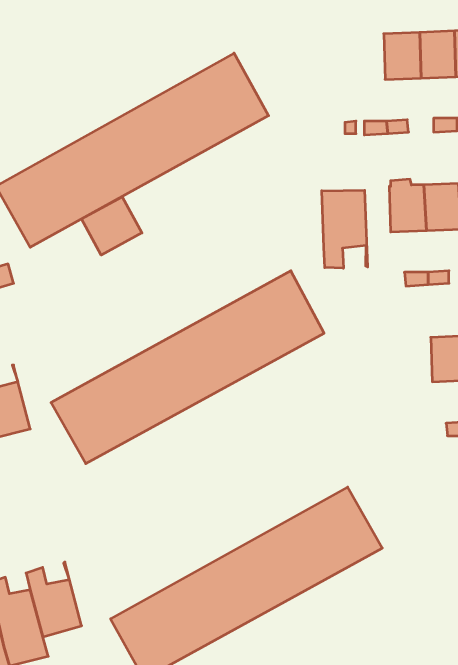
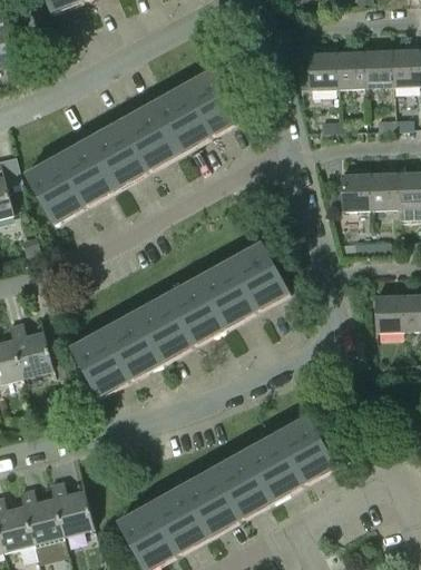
building: none -> [307,52,337,90]
building: [322,190,368,268] -> none
building: [81,197,142,255] -> none

